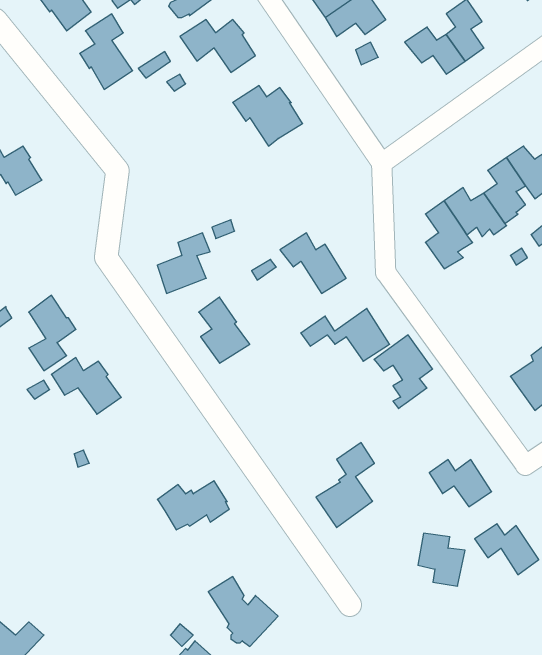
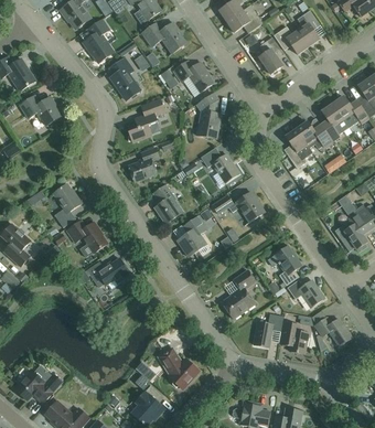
building: none -> [259,36,283,74]
building: none -> [110,57,142,100]
building: none -> [197,93,221,138]
building: none -> [128,98,165,142]
building: [374,335,433,409] -> [268,245,302,288]
building: none -> [178,215,208,256]
building: [157,481,229,530] -> [87,258,129,287]
building: none -> [254,313,283,346]

